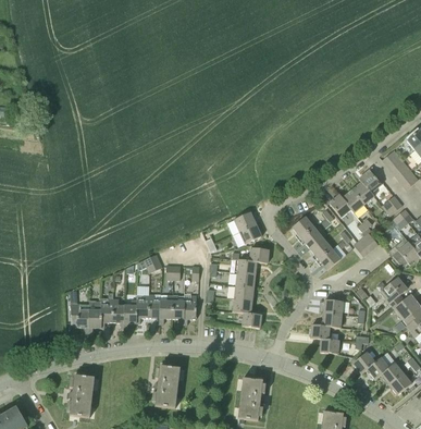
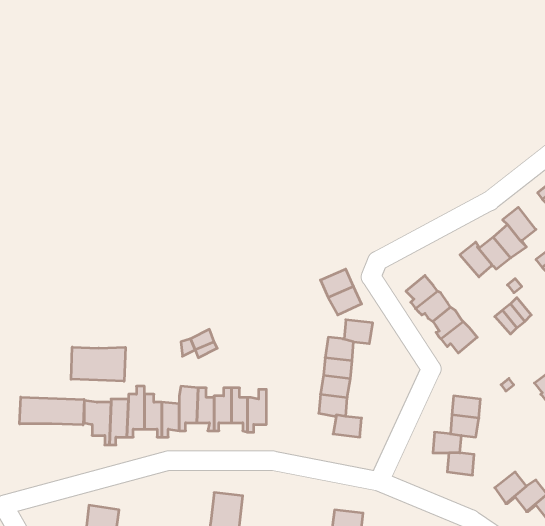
building: none -> [71,347,125,381]
building: none -> [20,397,84,425]

